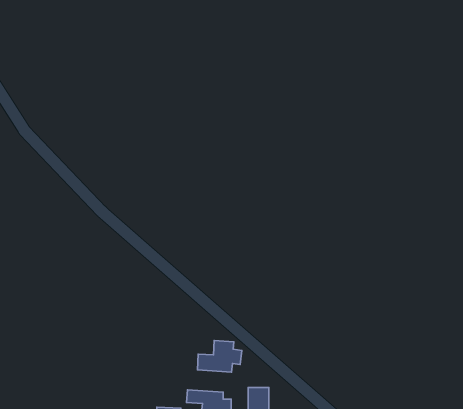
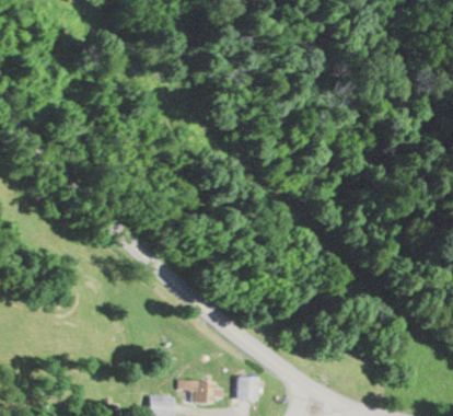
building: [197,340,242,372] -> none

